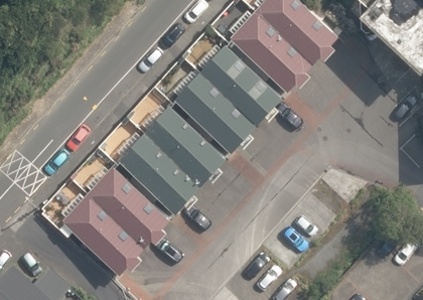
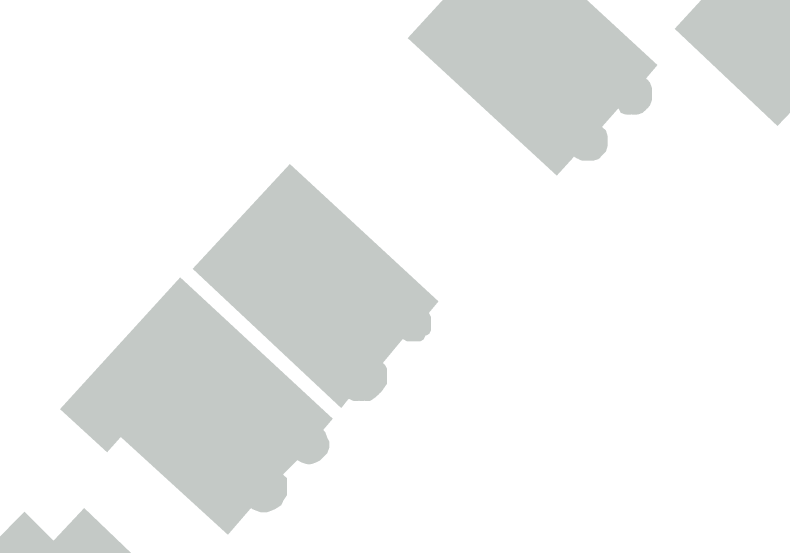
building: [161,28,293,159] -> none

